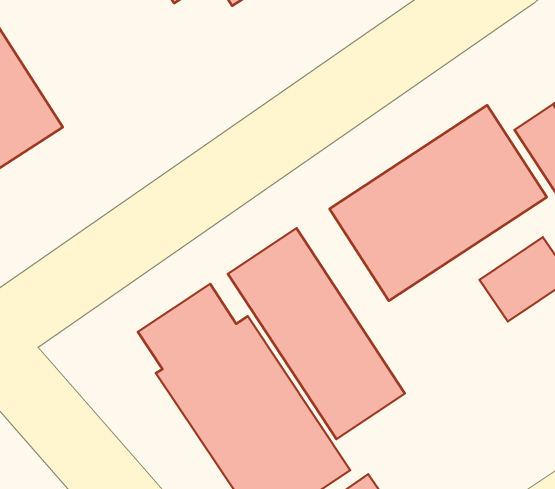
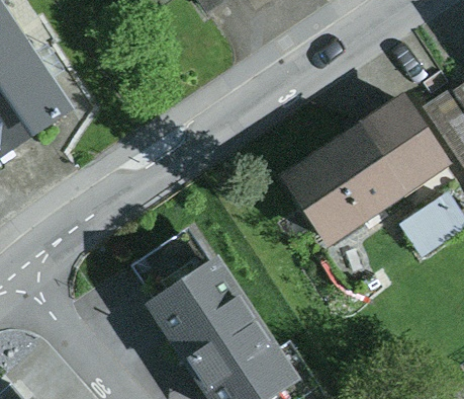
building: [228,228,405,439] -> none

